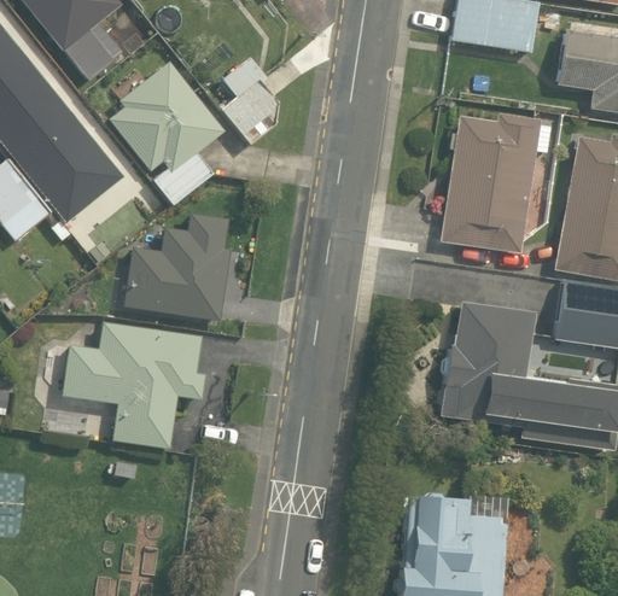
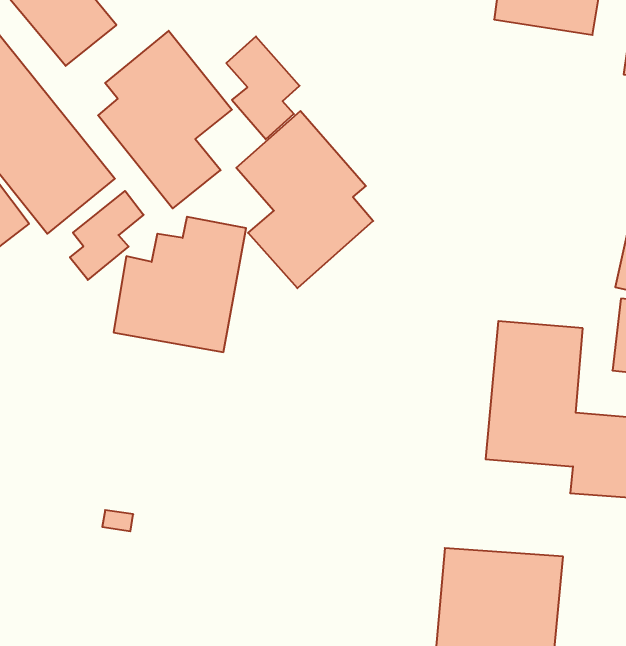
building: [442,110,538,255] -> none
building: none -> [236,111,373,288]
building: none -> [70,191,144,280]
building: [63,320,208,448] -> none

